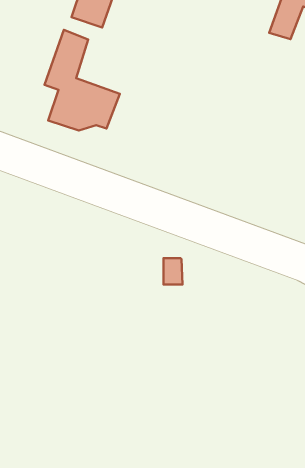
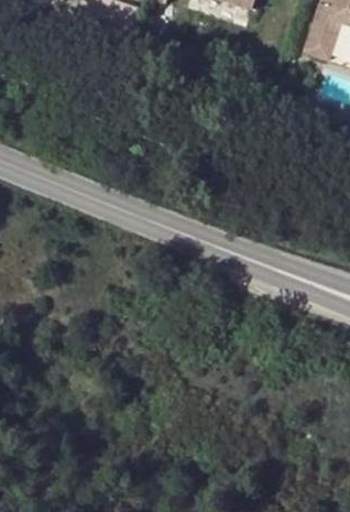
building: [45,30,120,130] -> none

